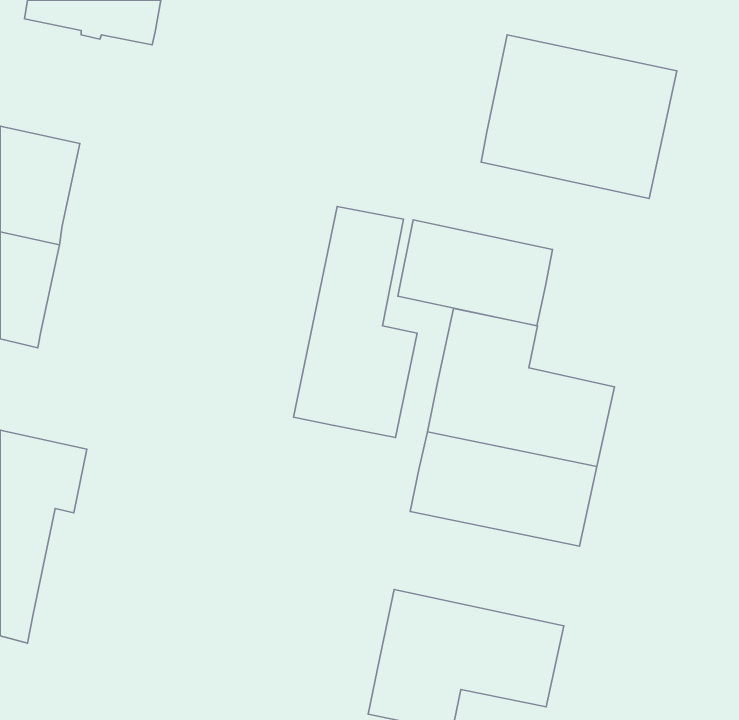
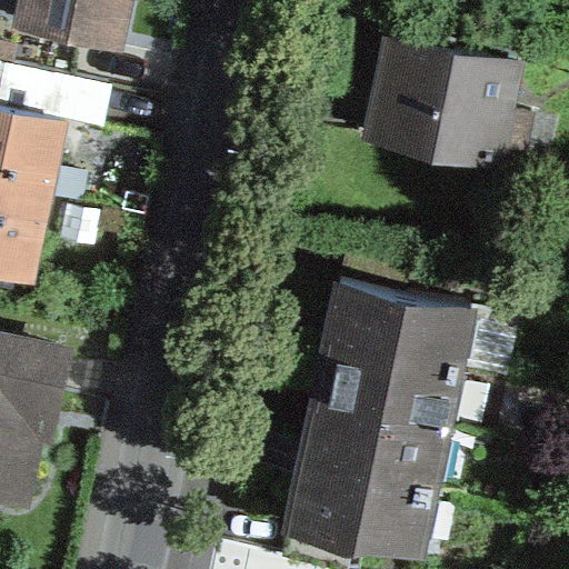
building: [293,207,417,437] -> none
building: [398,220,552,326] -> none
building: none -> [303,408,446,496]

